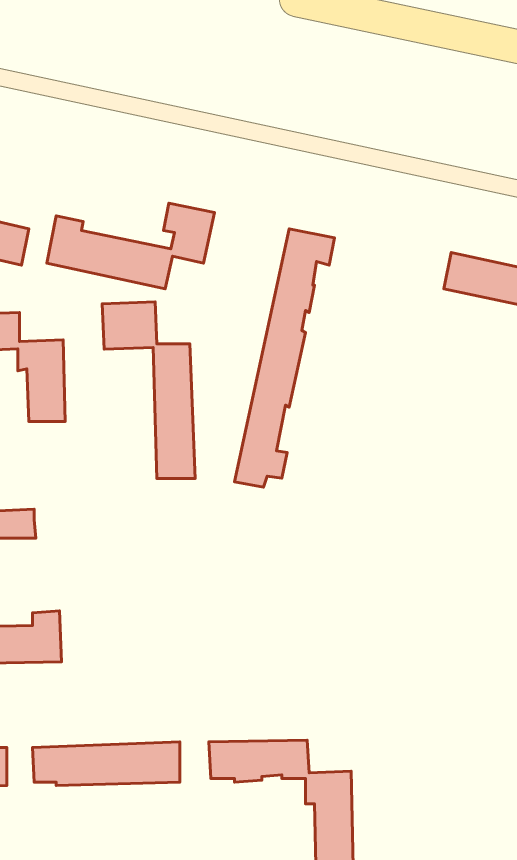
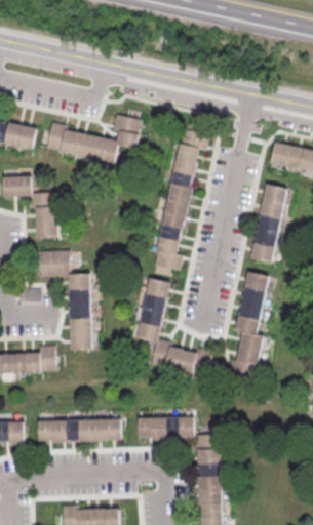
building: [102,302,195,478] -> [39,250,91,350]
building: none -> [250,184,286,262]
building: none -> [226,272,268,379]
building: none -> [135,278,196,373]

